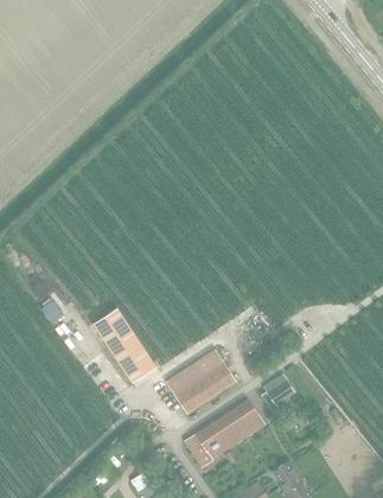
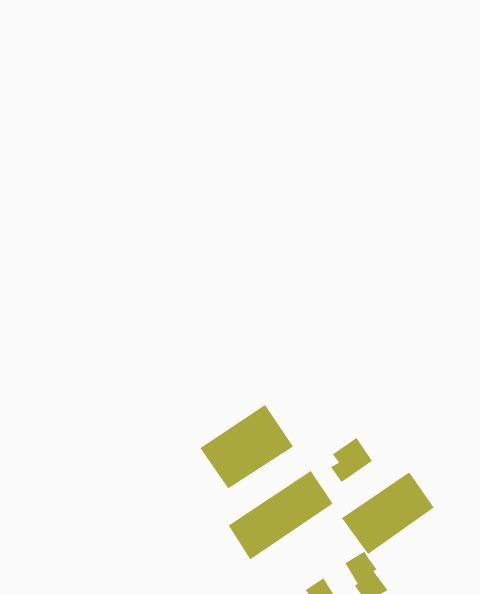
building: [92,307,155,382] -> none
building: none -> [341,471,435,555]

